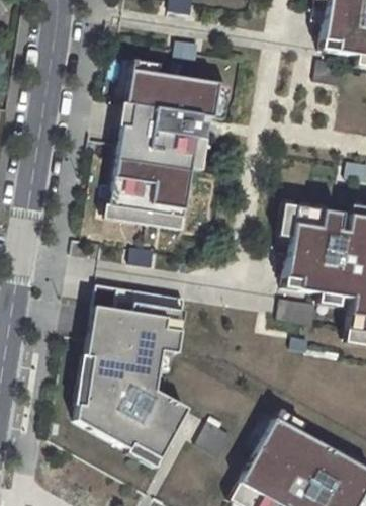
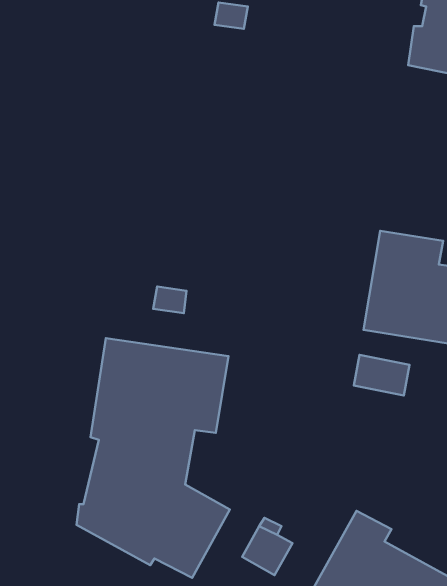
building: [109,70,218,218] -> none

